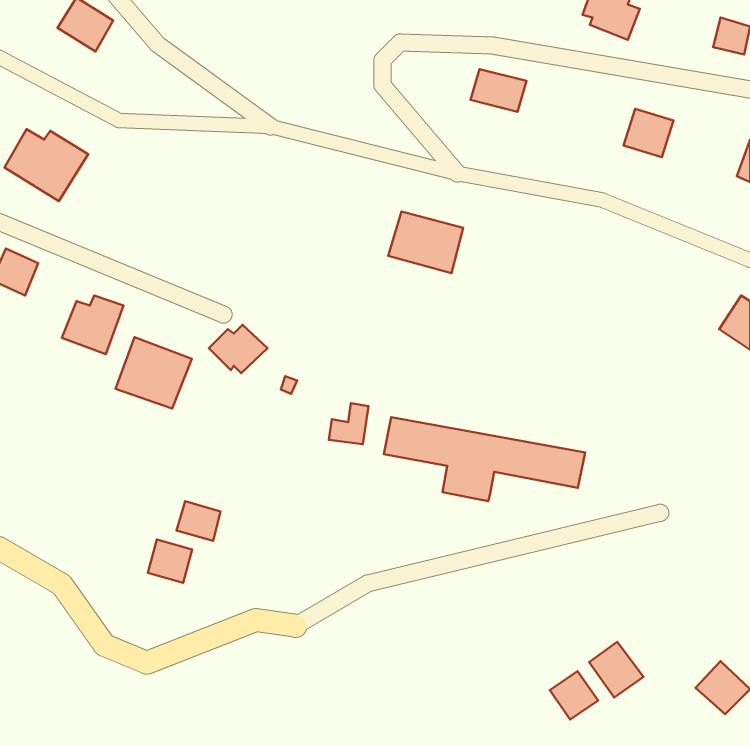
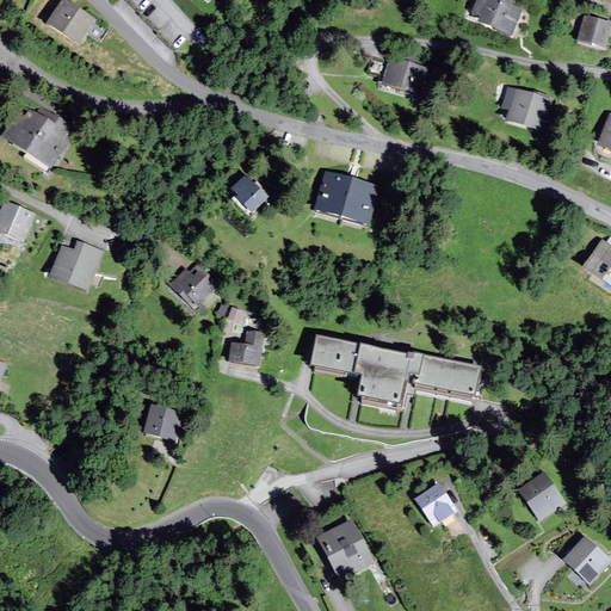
building: none -> [233,173,266,210]
building: [116,337,192,409] -> none
building: [329,403,369,444] -> [229,329,261,363]
building: [148,540,192,583] -> none
building: none -> [317,519,371,578]
building: [589,642,643,698] -> [519,471,563,517]
building: [550,671,598,720] -> [415,483,455,523]

